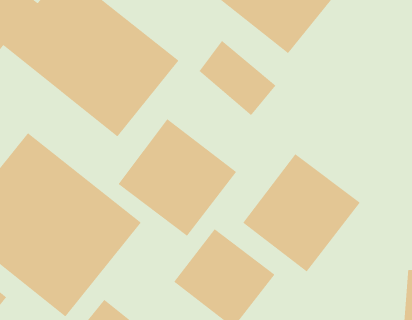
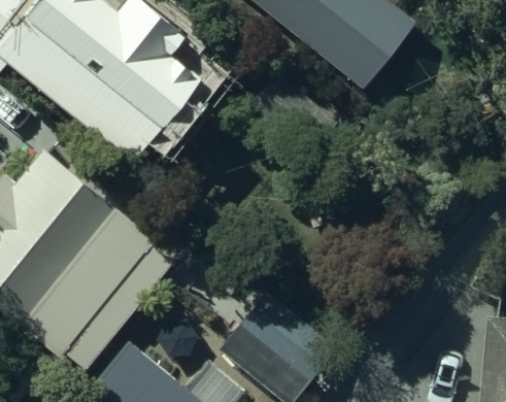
building: [117,118,237,237] -> none
building: [242,153,361,272] -> none

